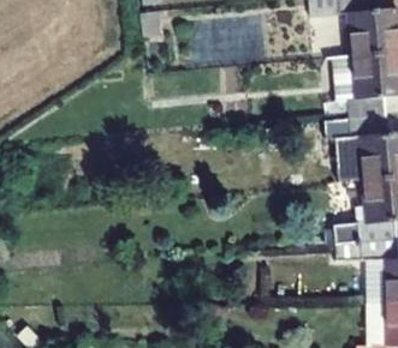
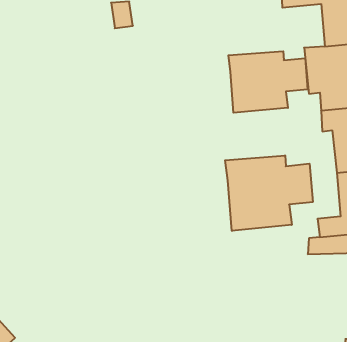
building: none -> [228,51,307,113]
building: none -> [225,155,313,231]

